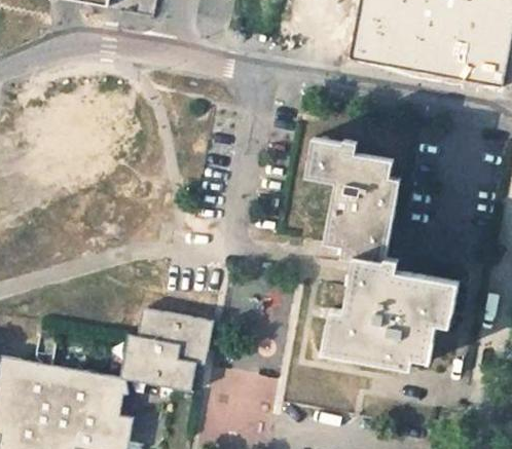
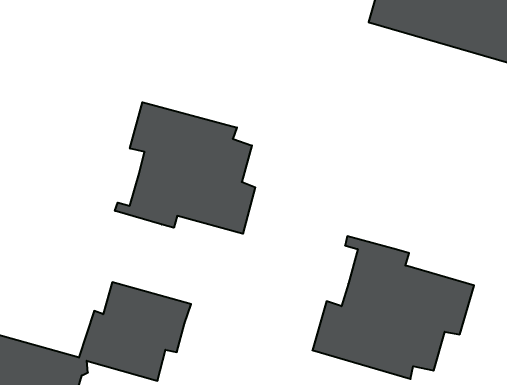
building: [308,136,401,254] -> none
building: none -> [115,102,255,234]

